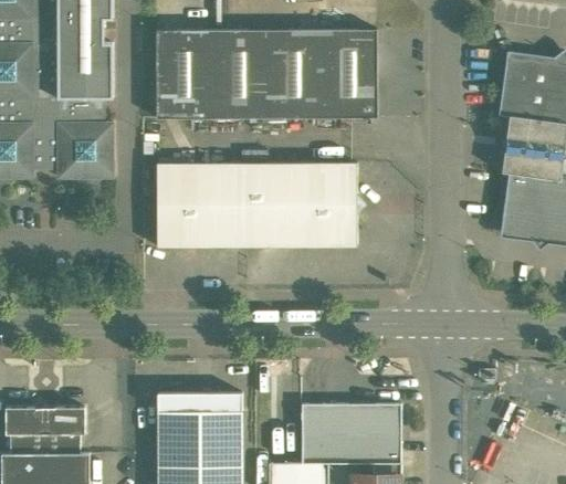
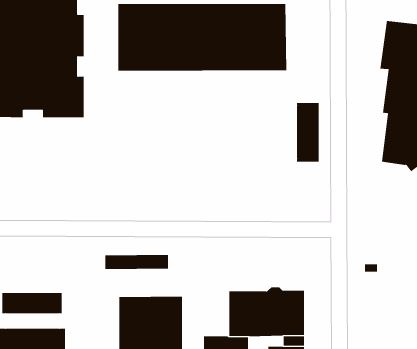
building: none -> [297,102,319,163]
building: [157,164,366,246] -> none
building: [158,392,242,412] -> [105,254,169,270]
building: [11,434,81,453] -> none

